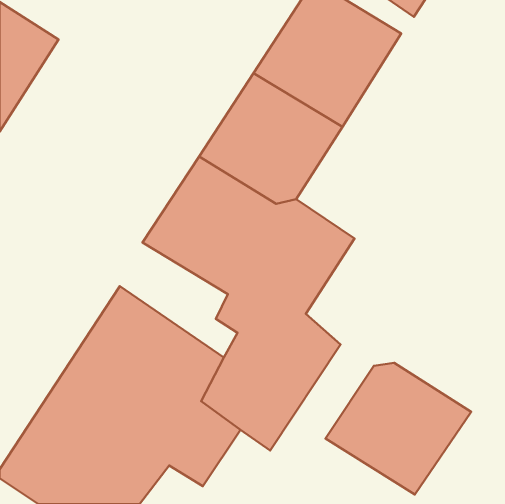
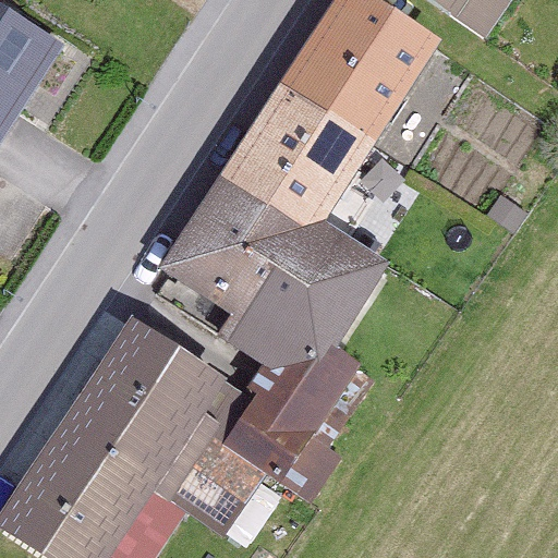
building: [326,363,471,495] -> none

